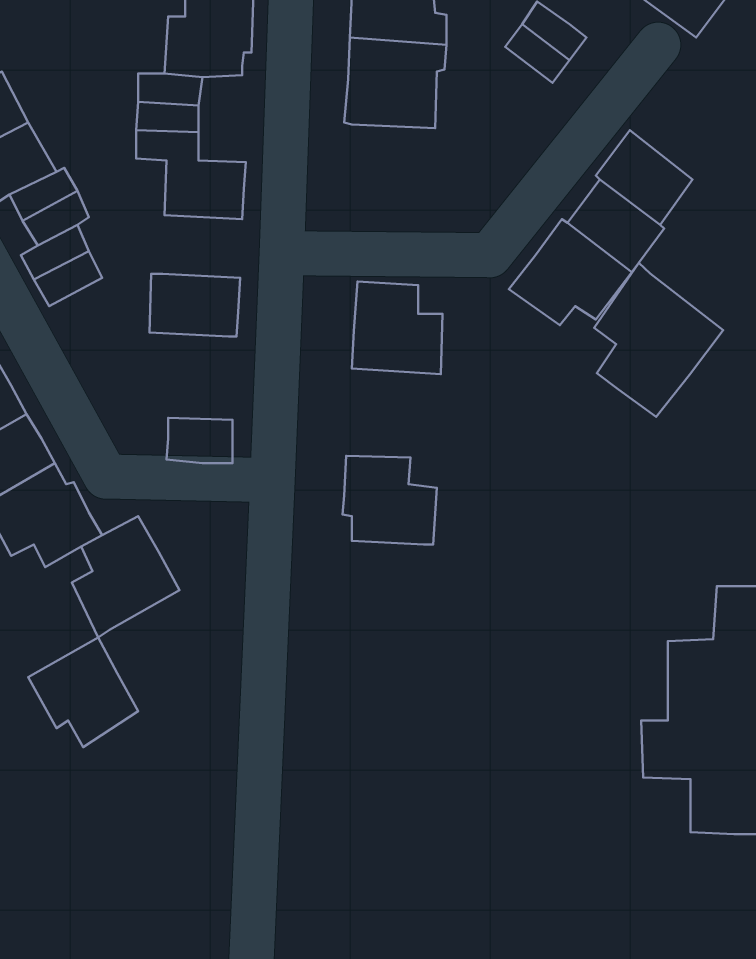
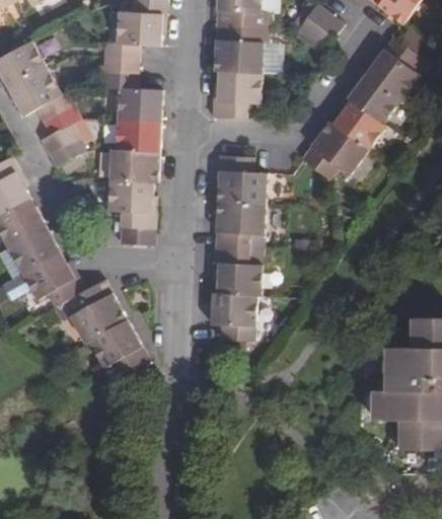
building: none -> [367,38,421,99]
building: none -> [213,70,263,117]
building: none -> [117,119,159,152]
building: [594,263,723,417] -> none
building: none -> [107,181,156,228]
building: none -> [215,201,266,248]
building: none -> [212,292,256,341]
building: [28,637,138,747] -> [88,319,147,378]

